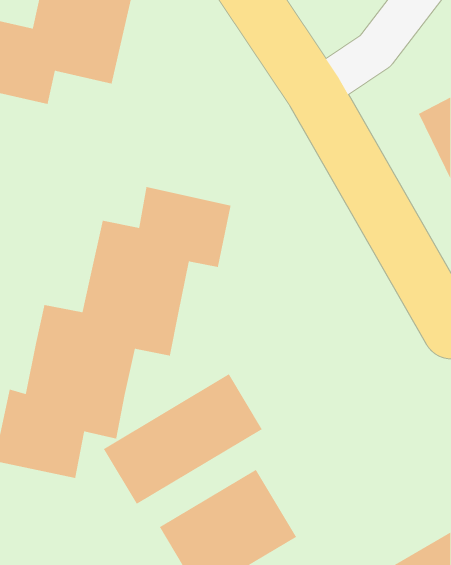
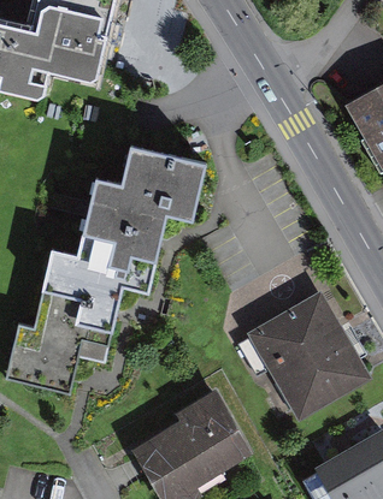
building: none -> [253,304,363,420]
building: [103,373,263,505] -> none

